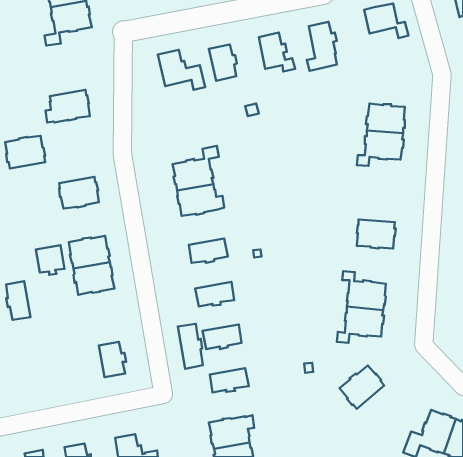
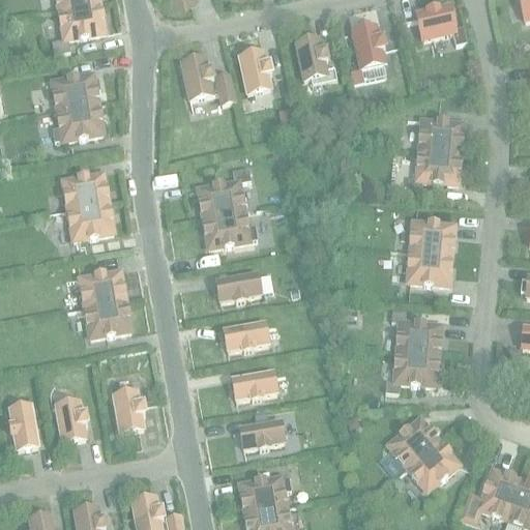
building: none -> [51,72,97,110]
building: [5,136,45,168] -> [62,172,108,209]
building: none -> [409,219,453,254]
building: [36,245,65,275] -> none
building: [6,281,31,320] -> [9,404,37,448]
building: [178,324,203,369] -> none
building: none -> [55,401,86,441]
building: none -> [407,440,458,490]

